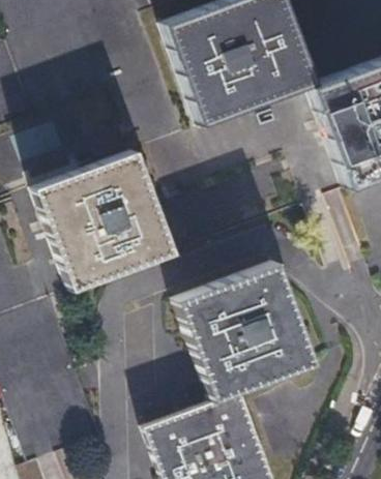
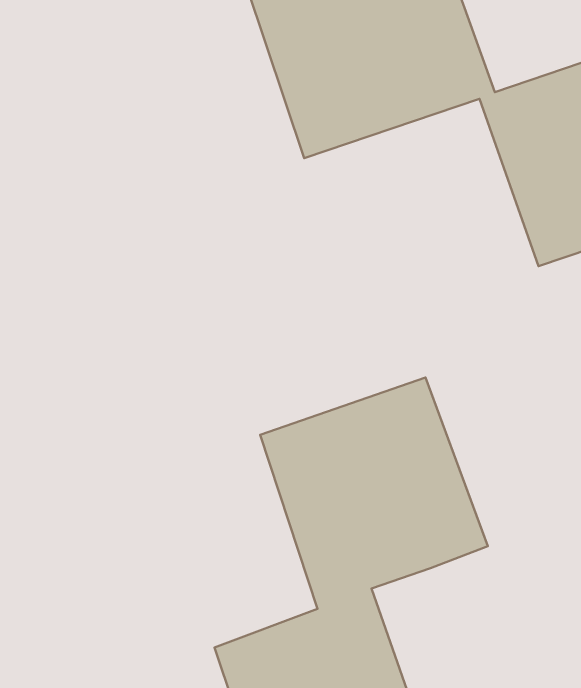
building: [34,148,173,285] -> none

